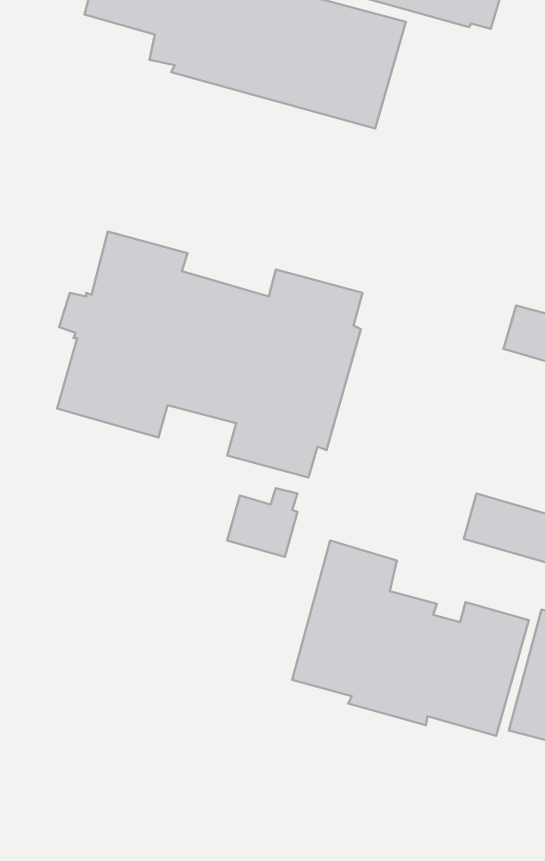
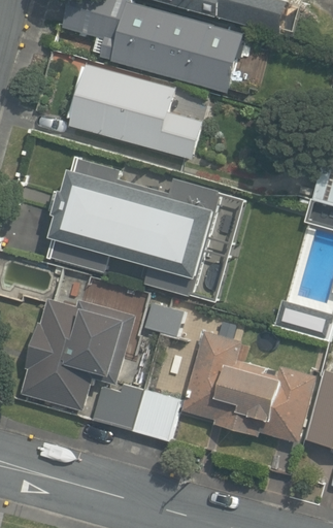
building: none -> [70,67,205,162]
building: none -> [20,297,179,439]

